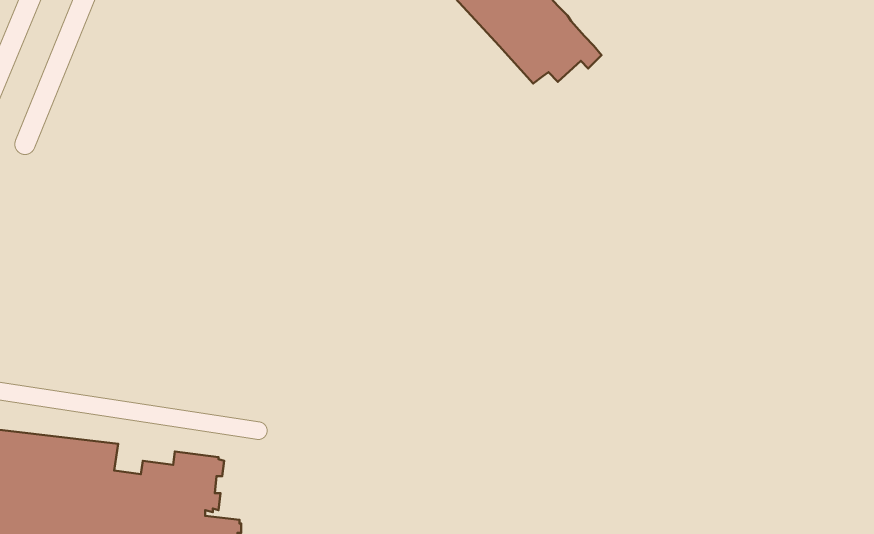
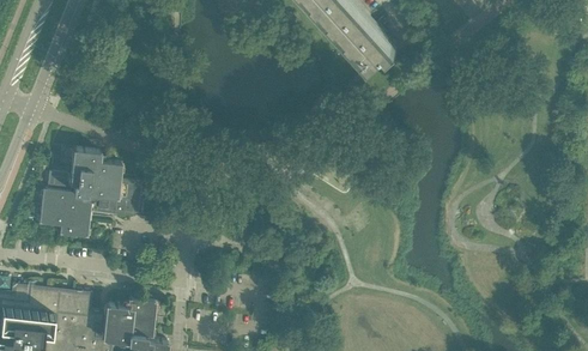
building: none -> [36,147,144,237]

